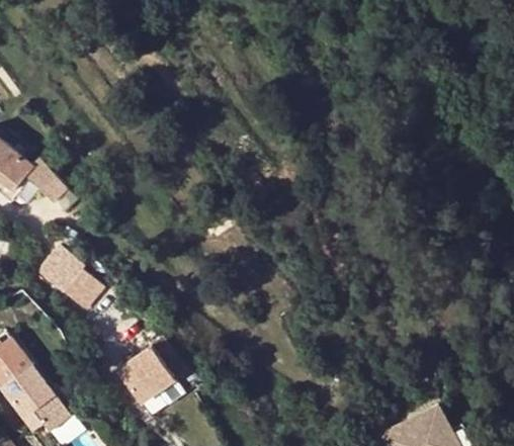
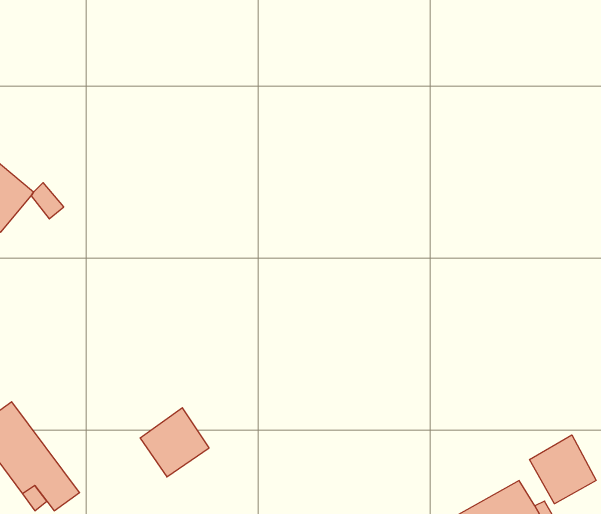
building: [35,243,108,311] -> none
building: none -> [530,435,596,504]

